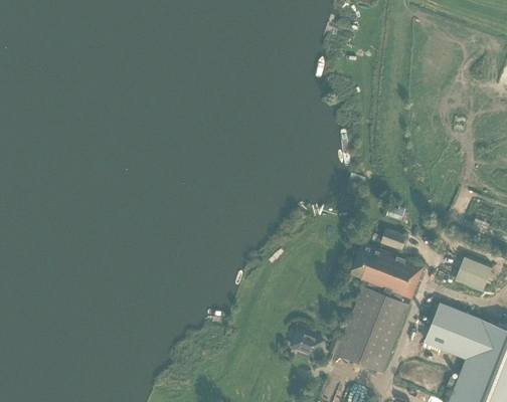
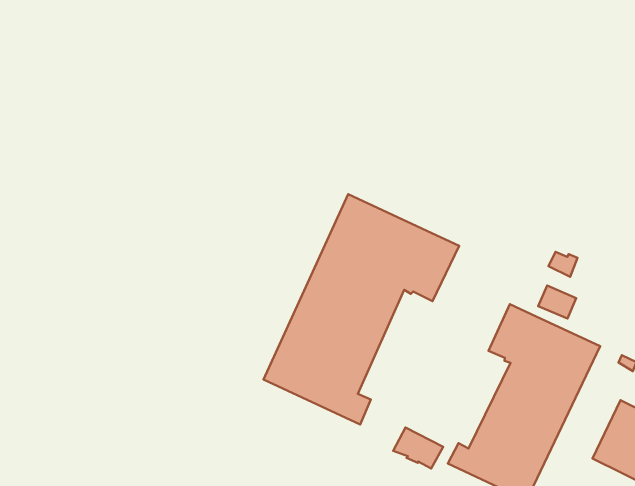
building: none -> [263,194,459,425]

